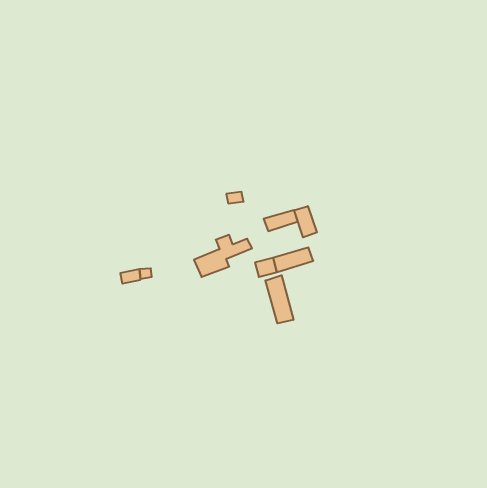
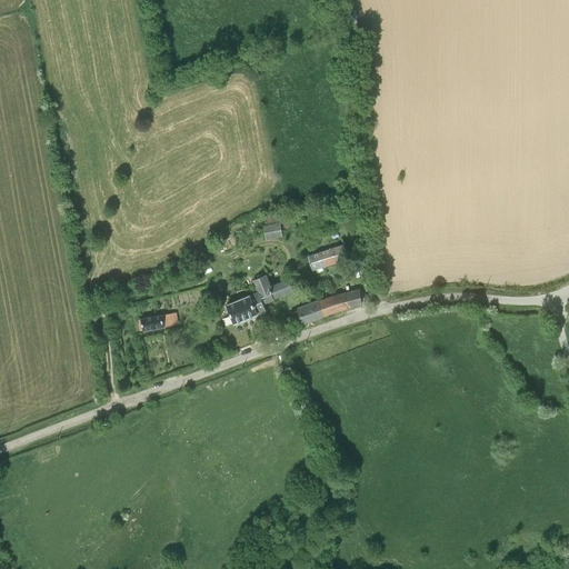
building: [294,206,317,237] -> none
building: [265,275,293,323] -> none

